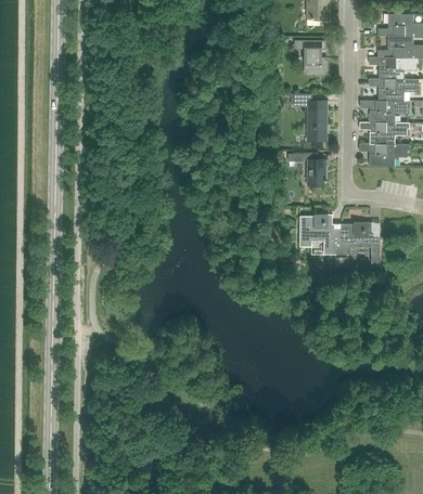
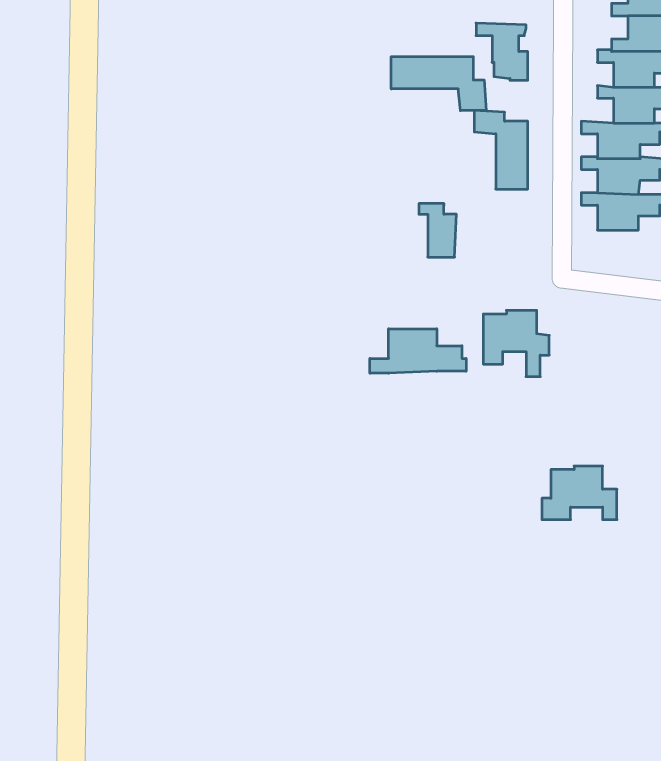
building: none -> [391,57,486,111]
building: [303,153,325,185] -> [419,204,456,257]
building: [334,222,380,255] -> [542,466,617,520]
building: none -> [370,329,466,373]

